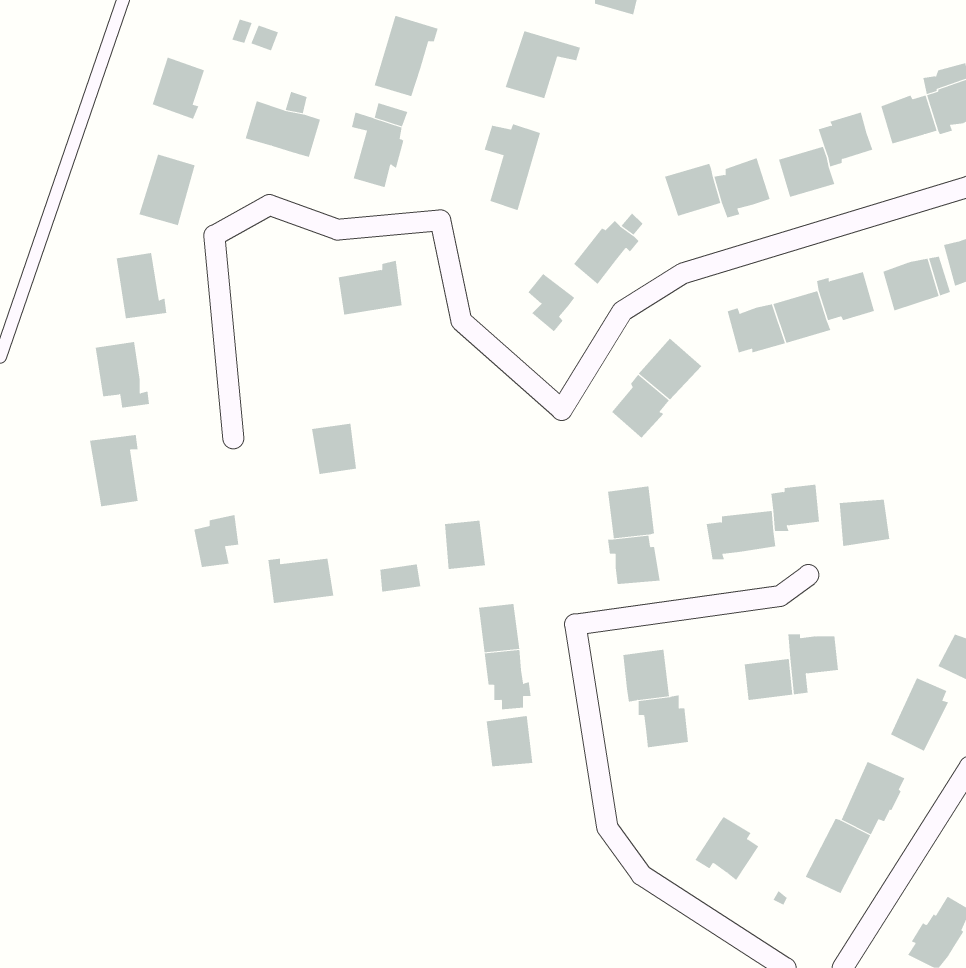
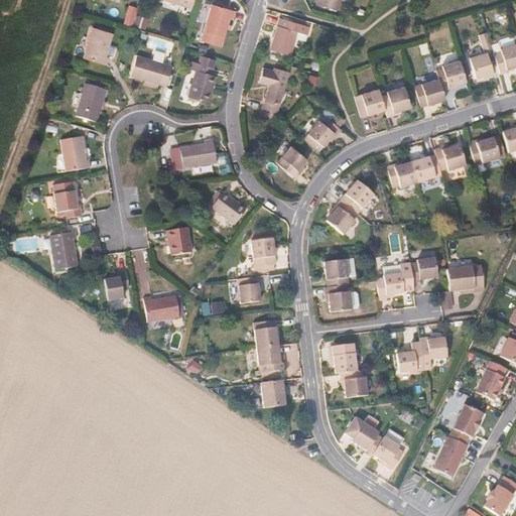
building: none -> [212,191,246,223]
building: none -> [251,238,275,272]
building: none -> [352,419,384,457]

